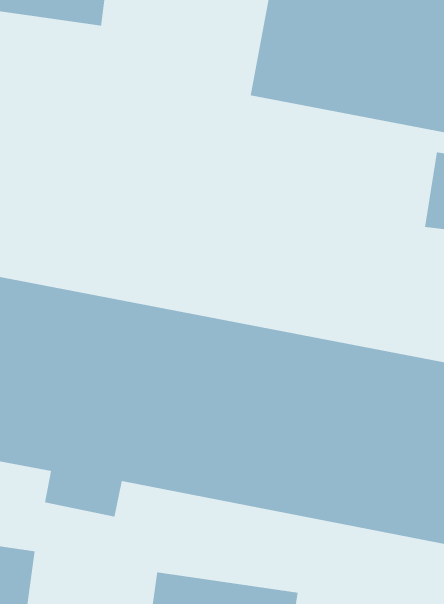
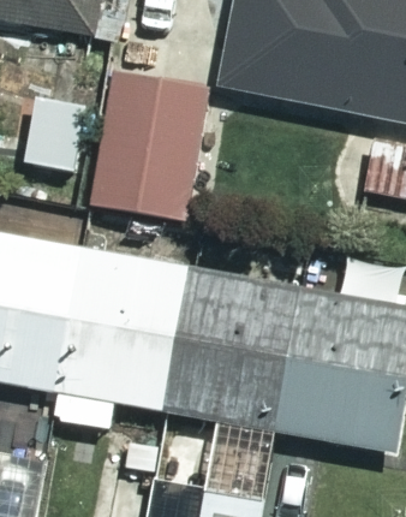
building: none -> [91,69,213,220]

